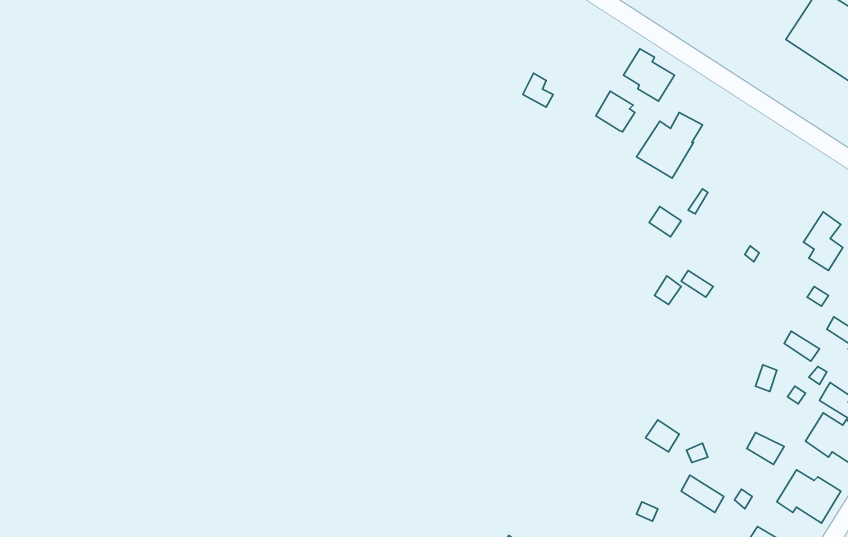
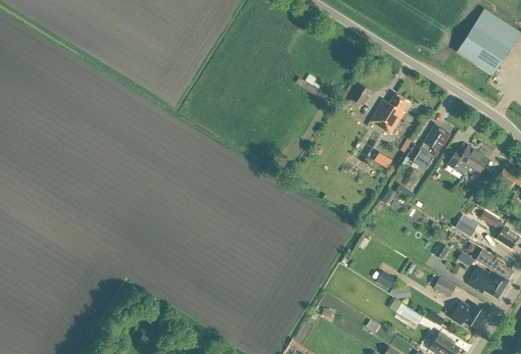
building: [624,49,675,101] -> none
building: none -> [413,123,448,167]
building: none -> [447,144,478,169]

